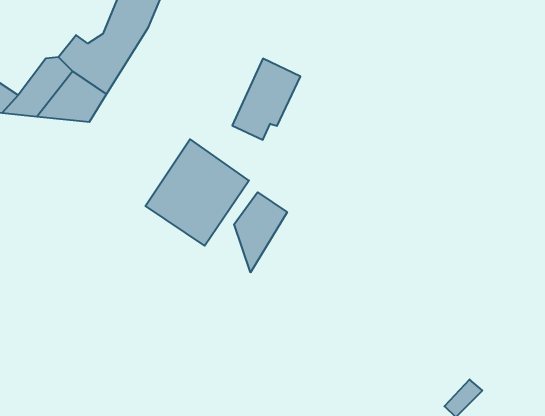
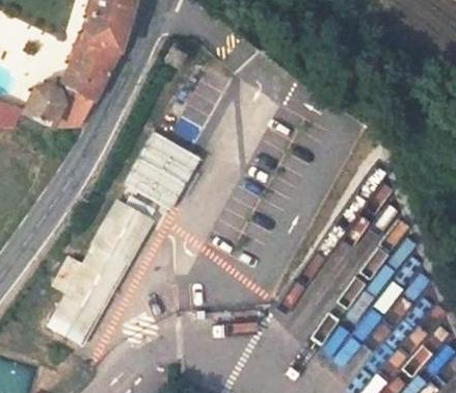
building: [234,192,287,272] -> none
building: none -> [49,202,149,342]

